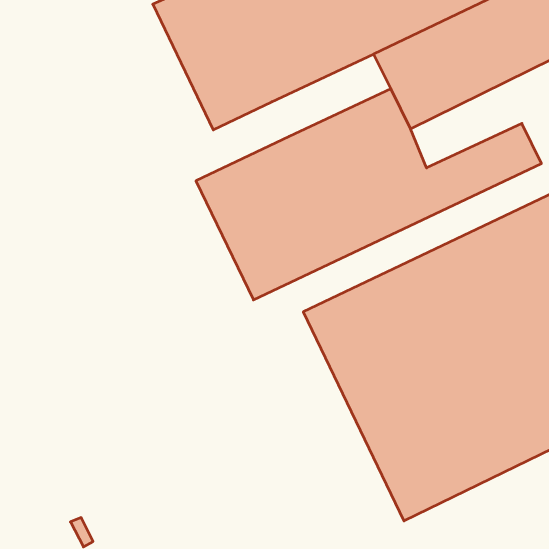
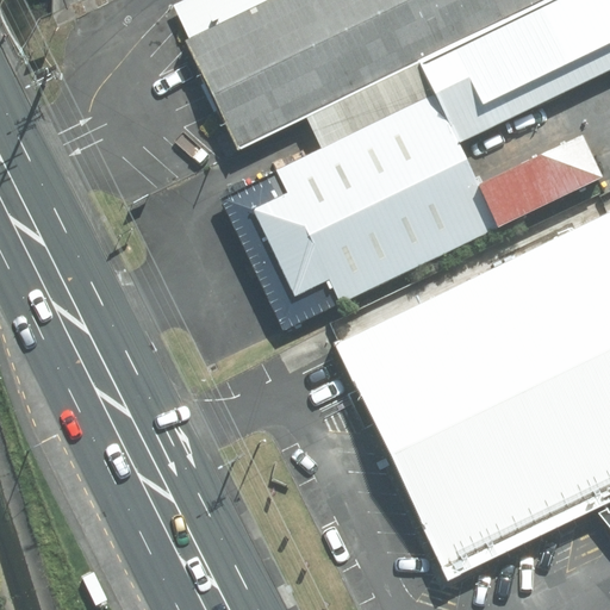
building: none -> [304,60,435,150]

